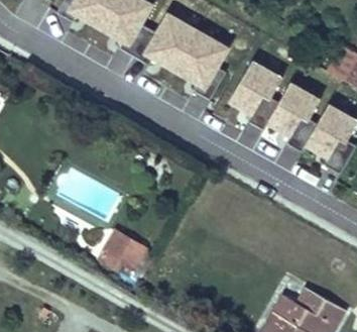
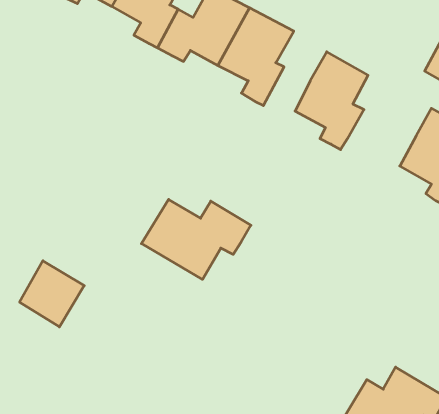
building: [269,80,324,151] -> none
building: none -> [141,199,251,279]
building: [97,232,144,281] -> [20,261,84,327]

